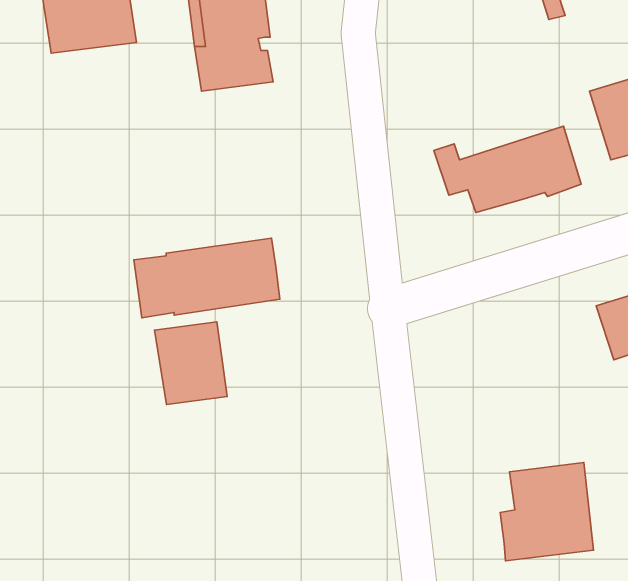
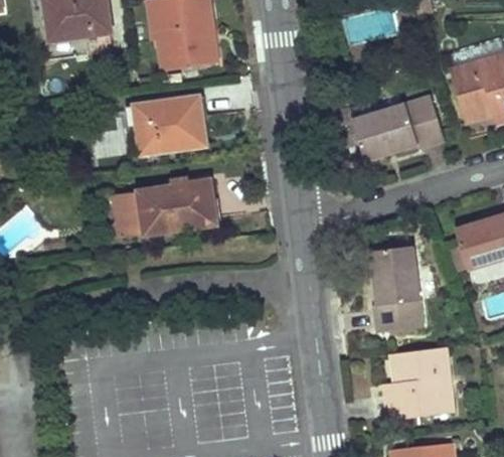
building: none -> [134,96,206,156]
building: [155,322,227,405] -> none
building: none -> [371,246,423,332]

